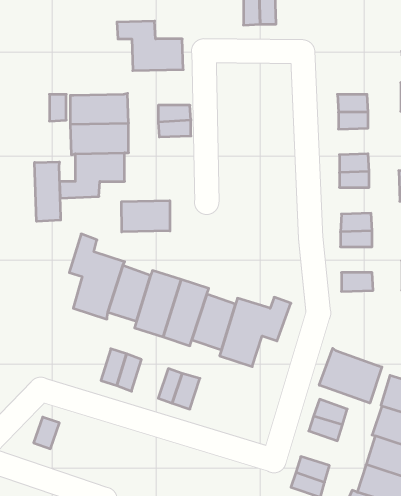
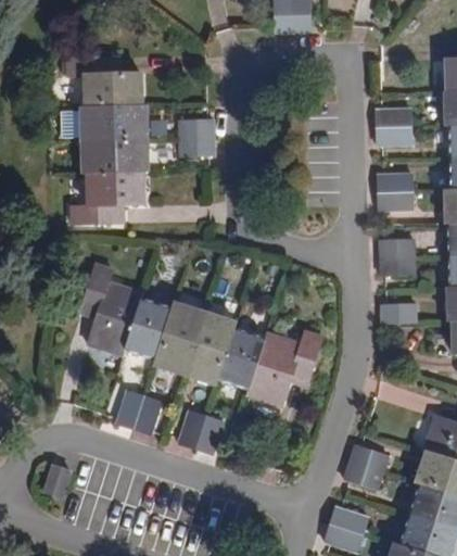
building: [117,21,183,71] -> [68,55,141,110]
building: [35,162,61,221] -> none
building: [122,201,170,232] -> none
building: [319,348,382,403] -> none

